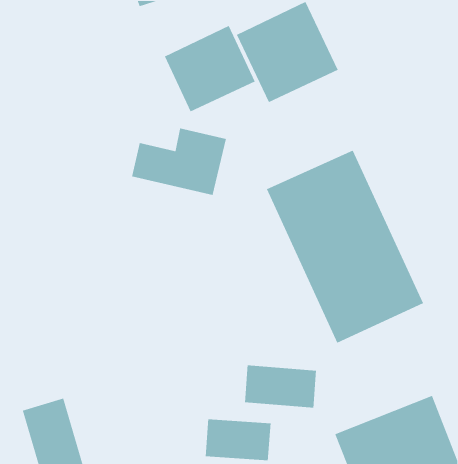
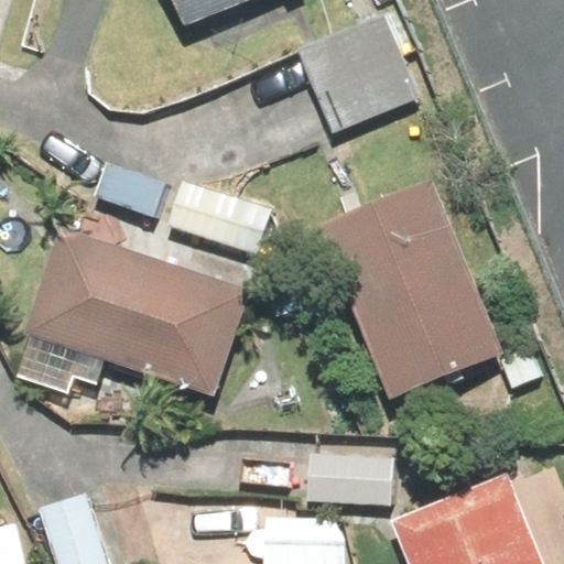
building: [164,25,256,113] -> none
building: none -> [25,239,258,413]

